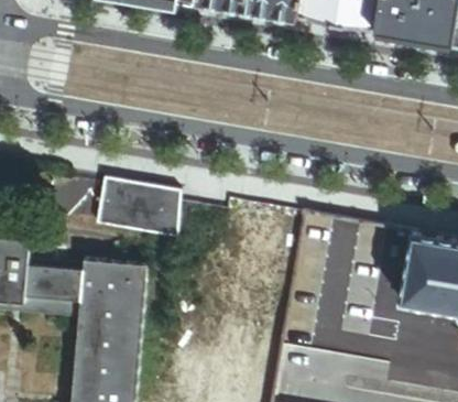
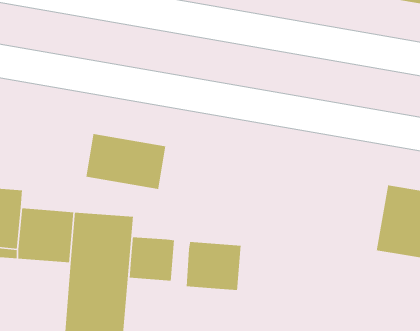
building: none -> [129,237,175,281]
building: none -> [186,241,241,291]

